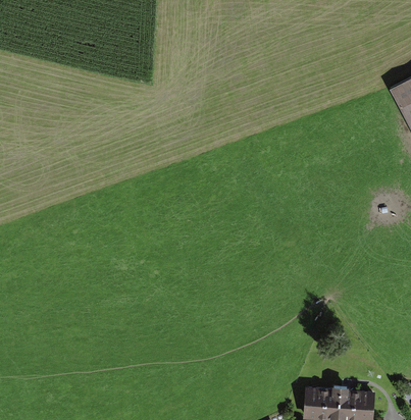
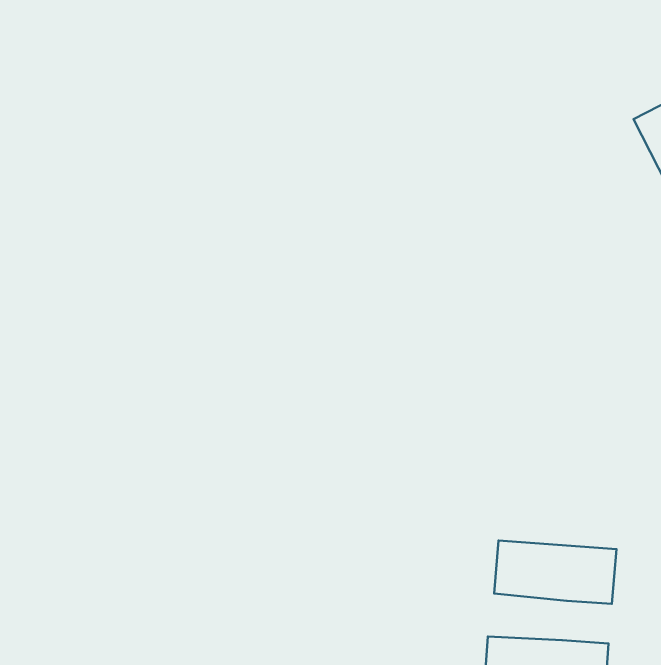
building: none -> [494,541,616,604]

